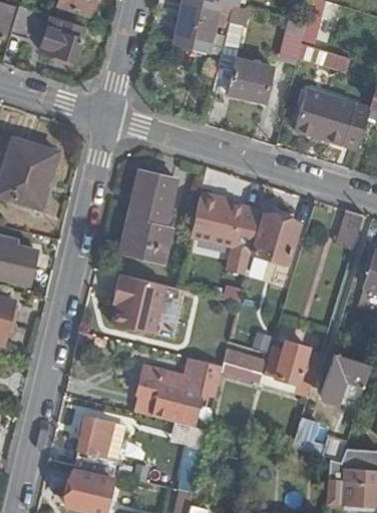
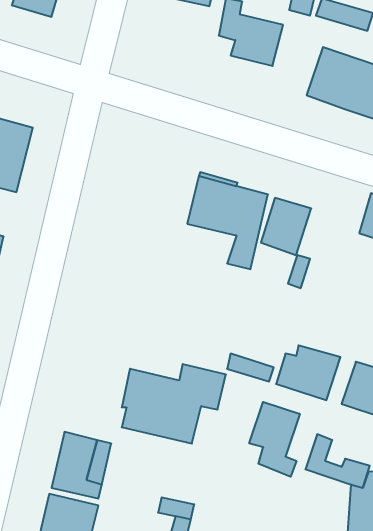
building: [127,175,177,265] -> none
building: [110,275,164,335] -> none
building: none -> [249,402,300,477]

